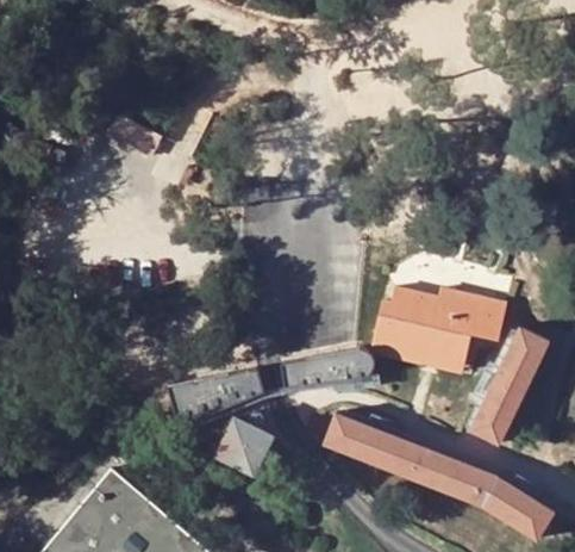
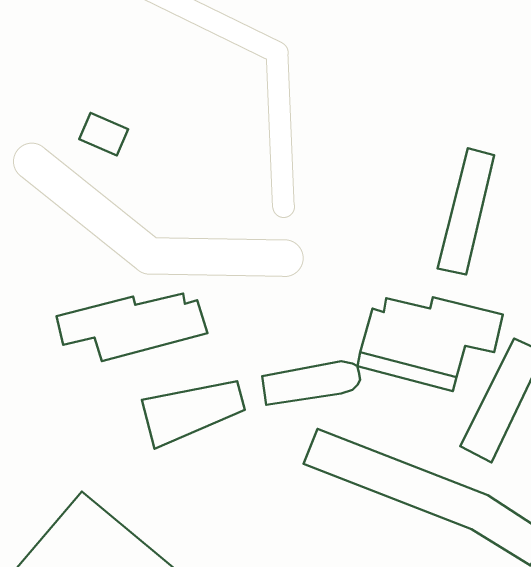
building: none -> [438,148,494,274]
building: none -> [56,293,207,361]
building: [213,417,275,478] -> none

